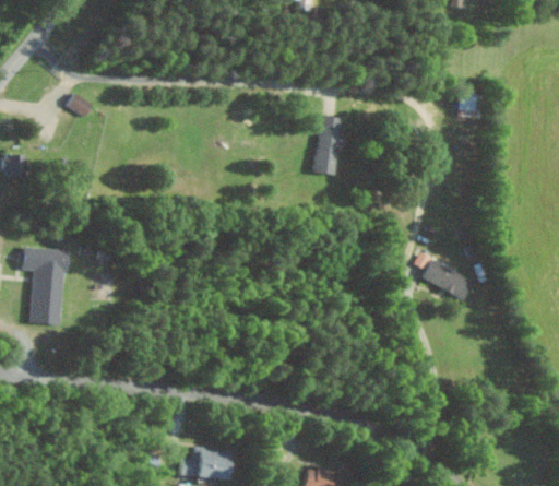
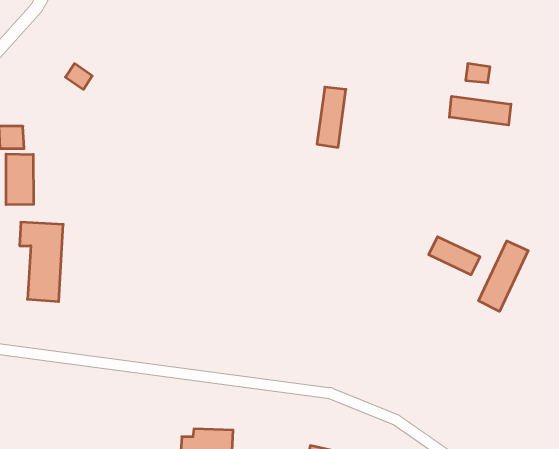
building: none -> [449,96,511,125]
building: none -> [6,154,34,205]
building: none -> [479,241,528,311]

